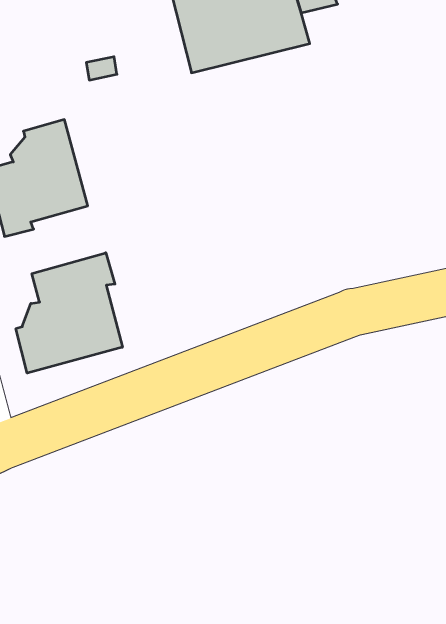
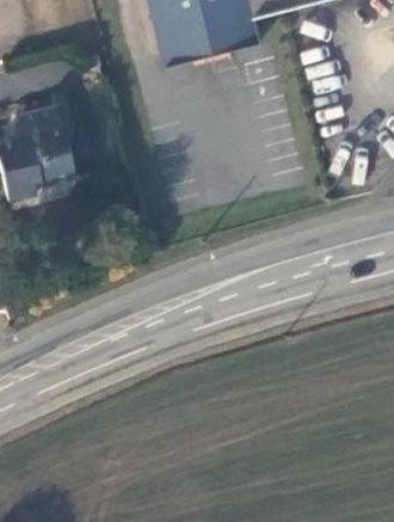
building: [16,253,122,373] -> none

